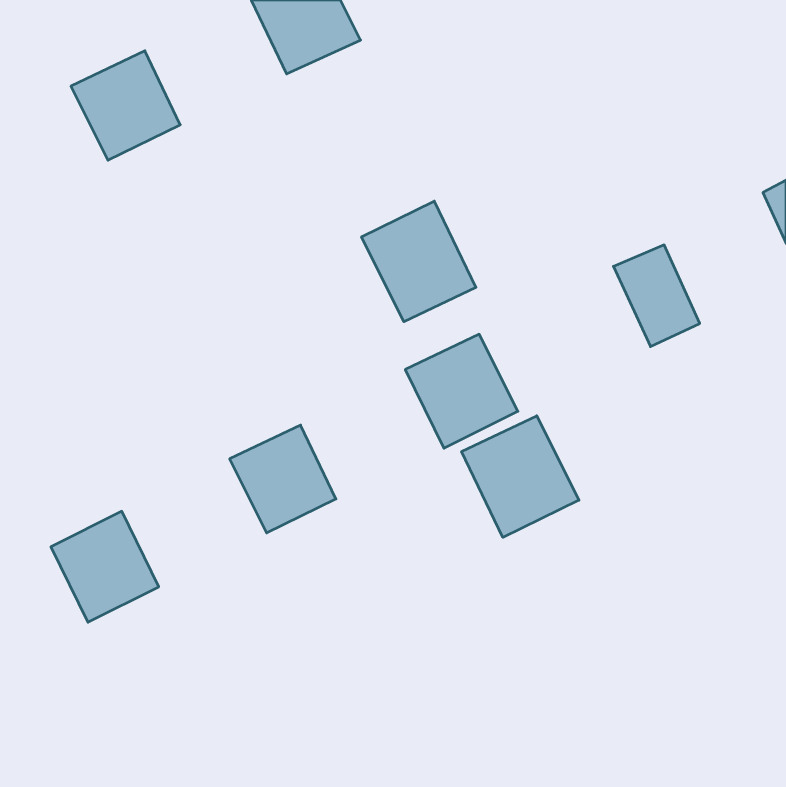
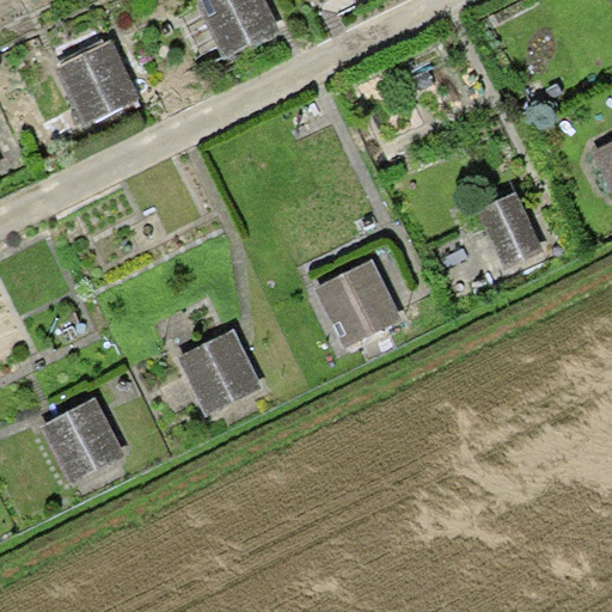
building: [362,201,476,322] -> none
building: [462,416,579,537] -> none

